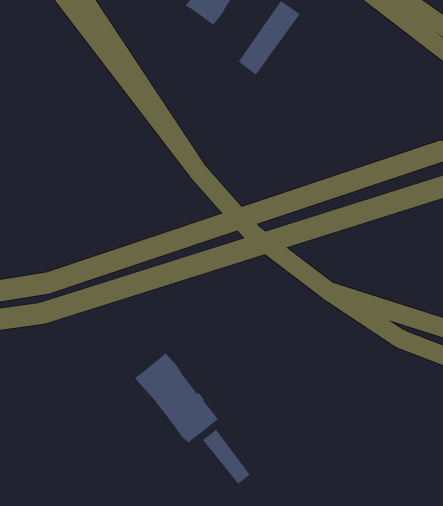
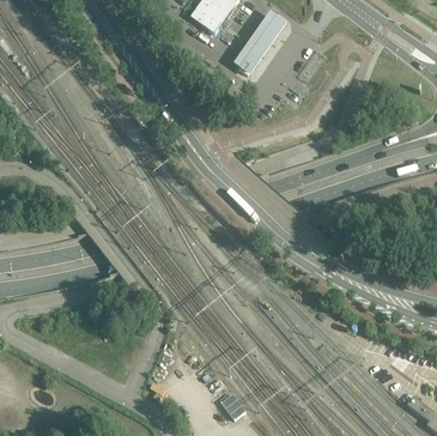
building: [134,353,219,444] -> none

